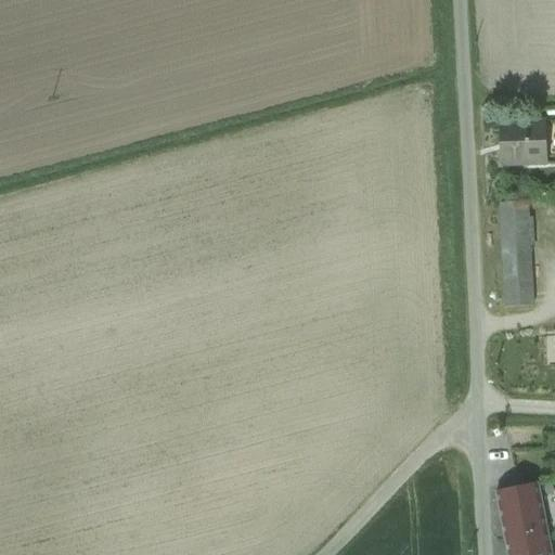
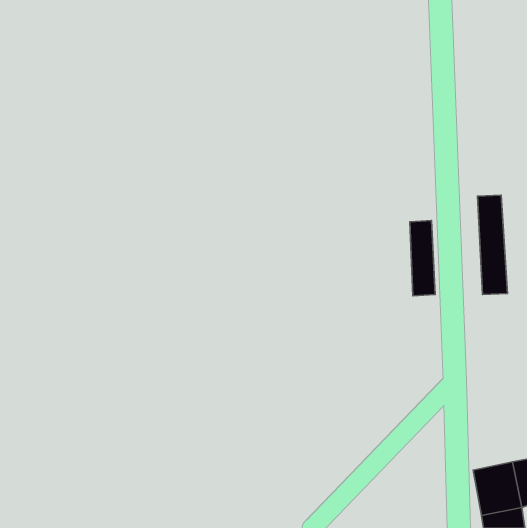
building: [501,125,548,166] -> none
building: none -> [410,220,435,296]

